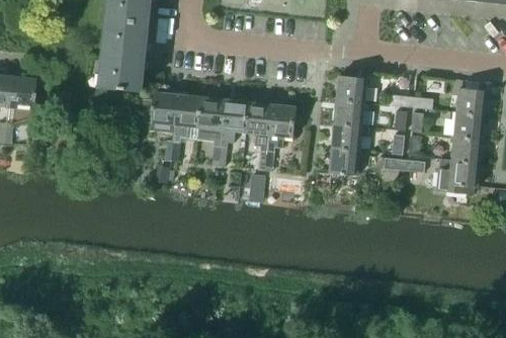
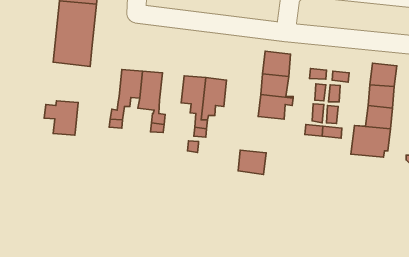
building: [139,93,177,132] -> [44,101,78,135]
building: [219,99,247,146] -> none
building: [328,148,359,175] -> [238,150,266,175]

